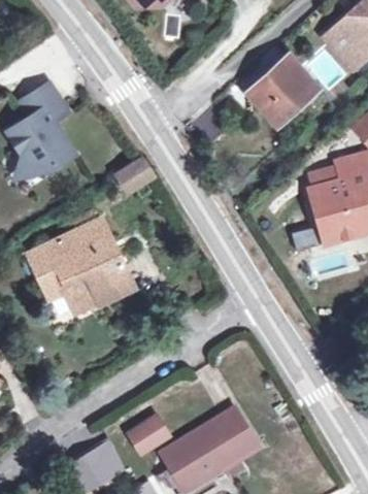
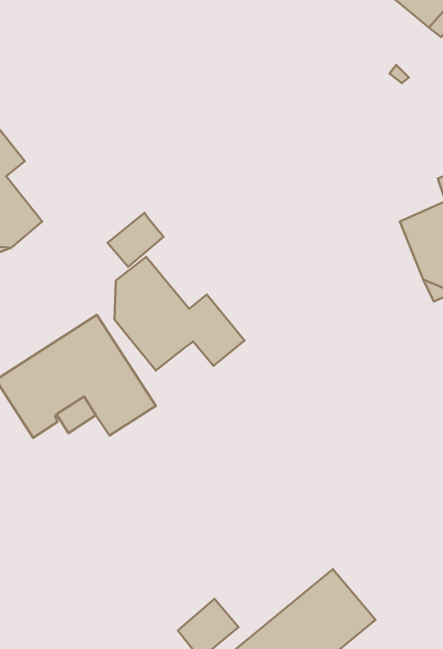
building: [248,57,313,122] -> none
building: none -> [115,257,244,371]

